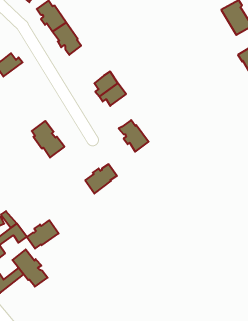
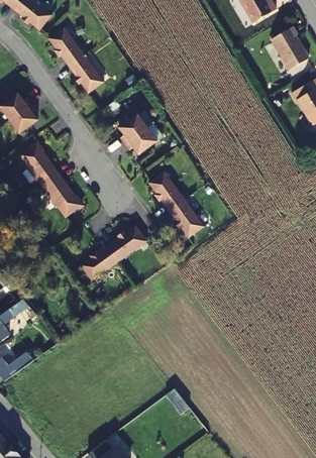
building: none -> [8,103,37,133]
building: none -> [19,142,59,186]
building: none -> [168,199,202,238]
building: [27,220,59,249] -> [80,245,118,279]
building: [12,249,48,287] -> none

